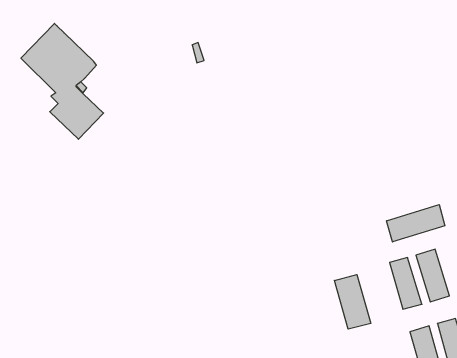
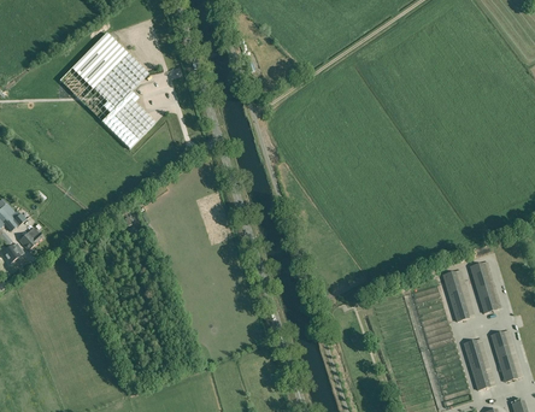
building: [387,205,445,242] -> none
building: [334,275,371,329] -> none

